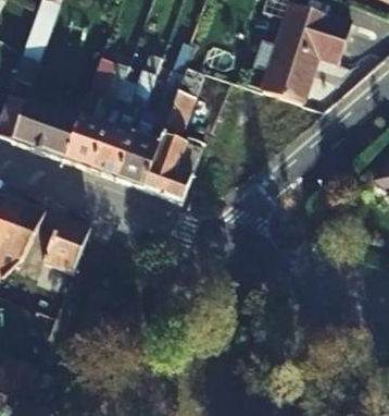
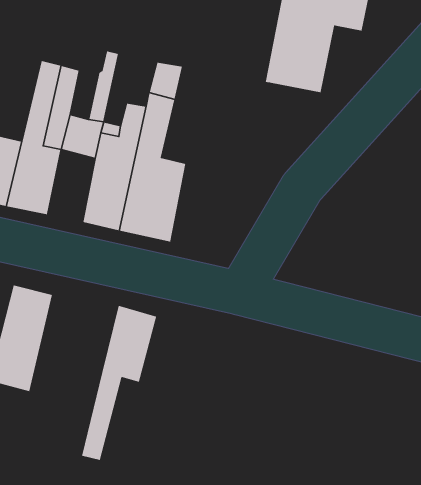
building: [91,124,131,180] -> none
building: none -> [81,305,157,461]

